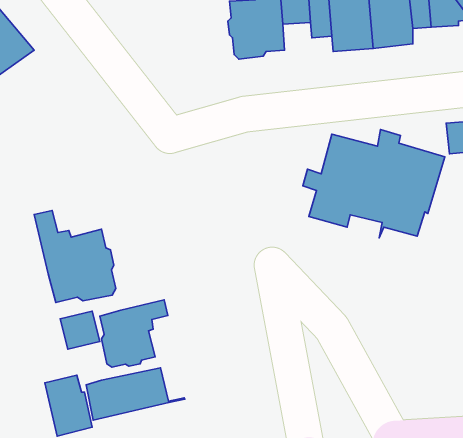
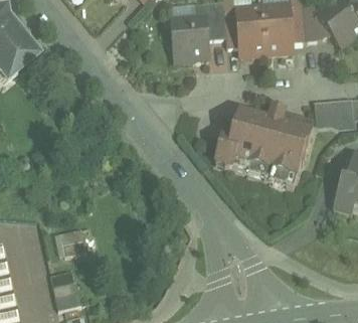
building: [34,210,116,302] -> none
building: [100,300,168,367] -> none
building: [86,368,185,420] -> none

